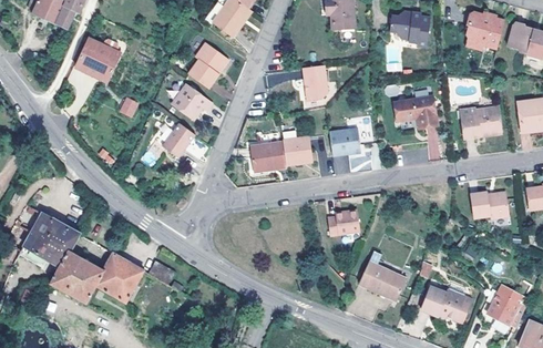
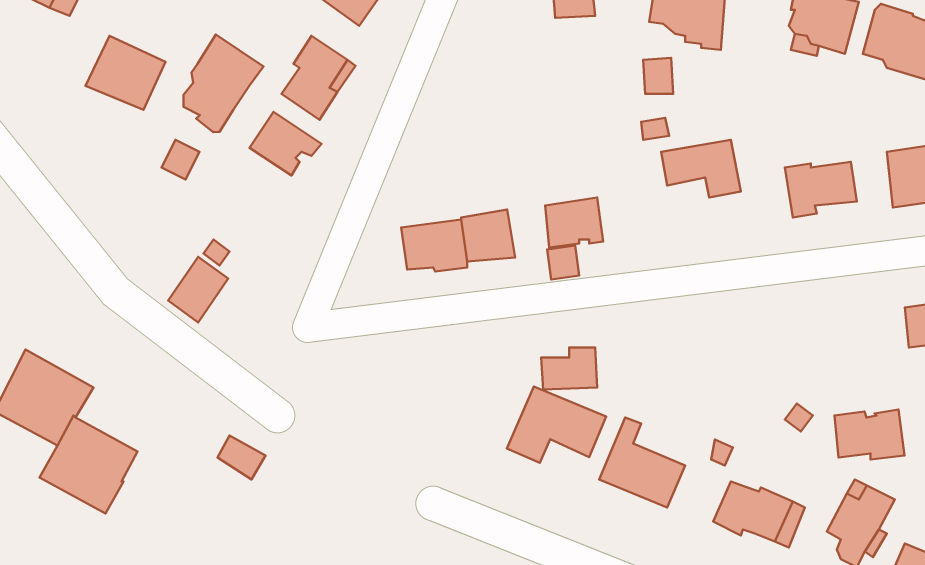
building: none -> [184,35,263,132]
building: [305,65,330,101] -> none
building: [158,117,192,154] -> [168,257,228,323]
building: [472,193,511,221] -> [835,409,905,459]
building: none -> [507,387,606,463]
building: [95,253,145,303] -> none

